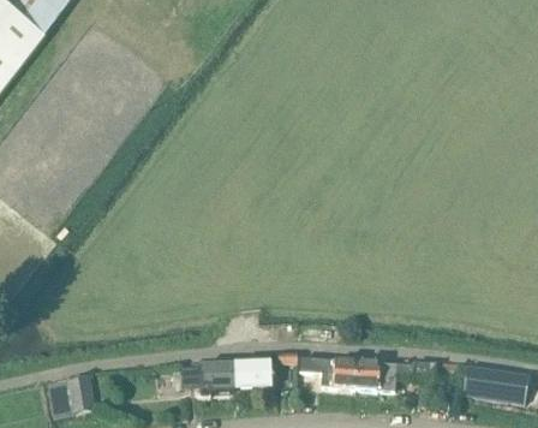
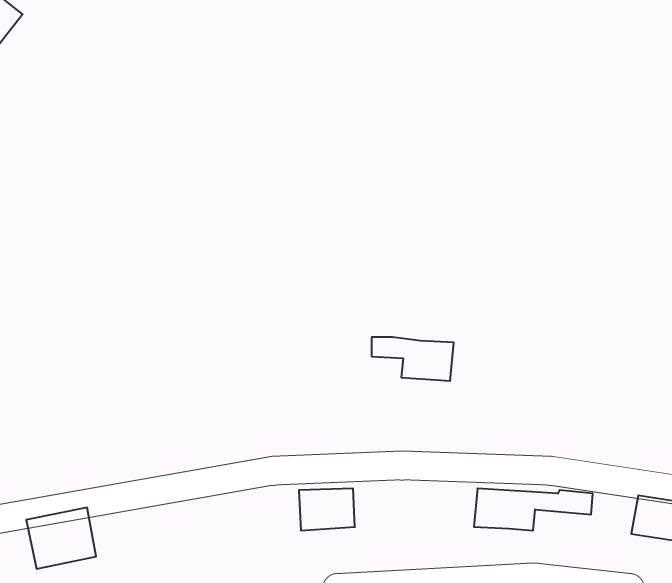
building: [299,356,355,386] -> [372,337,454,381]
building: [180,361,234,390] -> none

